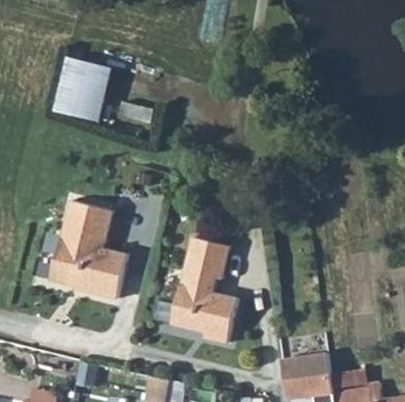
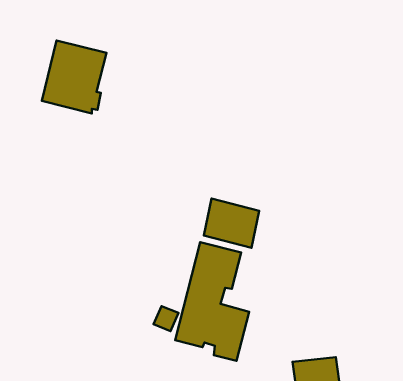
building: none -> [204,199,259,248]
building: [50,200,127,297] -> none

